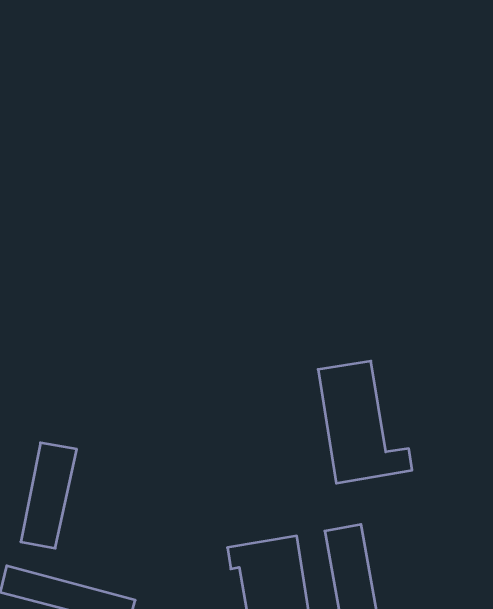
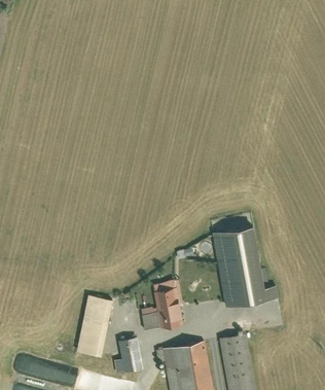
building: [21,443,77,548] -> [77,291,112,357]
building: none -> [143,289,183,331]
building: none -> [121,338,140,365]

